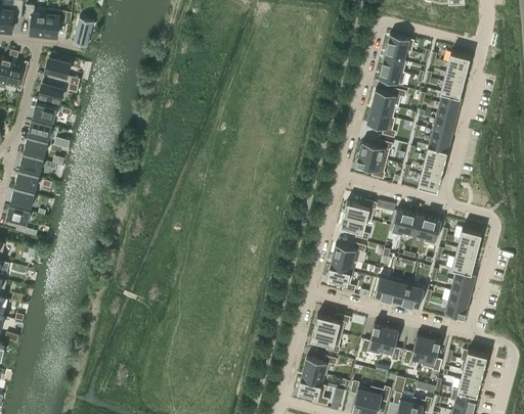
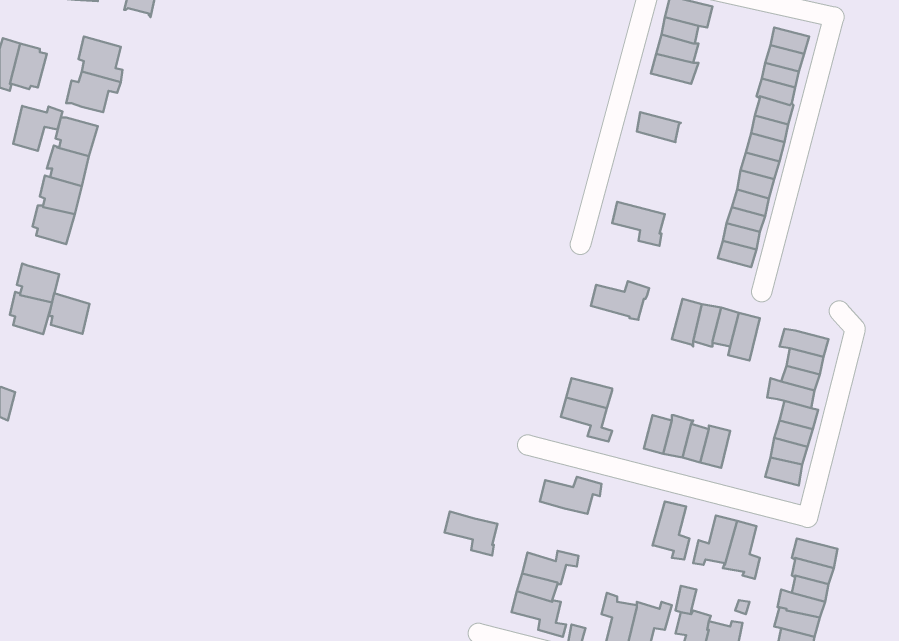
building: [373,88,406,108] -> none
building: none -> [13,106,62,151]
building: [367,112,396,138] -> none
building: [359,140,393,160] -> none
building: [15,172,39,195] -> [49,293,90,334]
building: [341,214,369,240] -> none
building: [333,242,366,263] -> none
building: [360,324,387,355] -> none
building: [311,327,342,353] -> [445,511,497,556]

